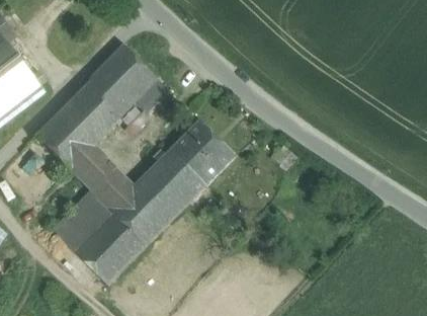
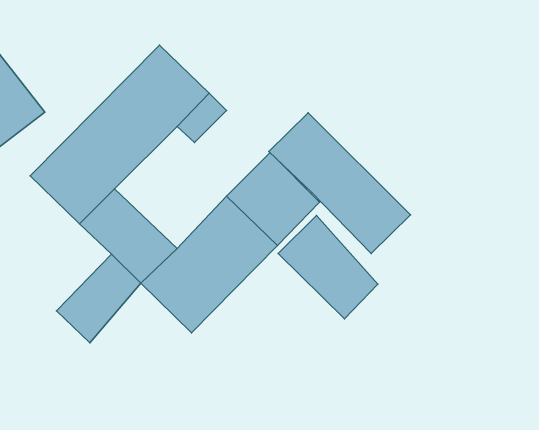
building: none -> [269,113,410,253]
building: none -> [278,215,378,319]
building: [75,211,146,284] -> none

